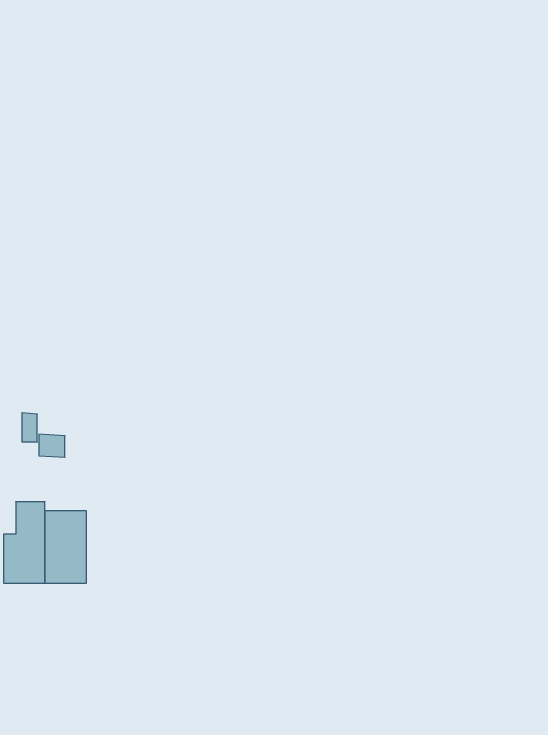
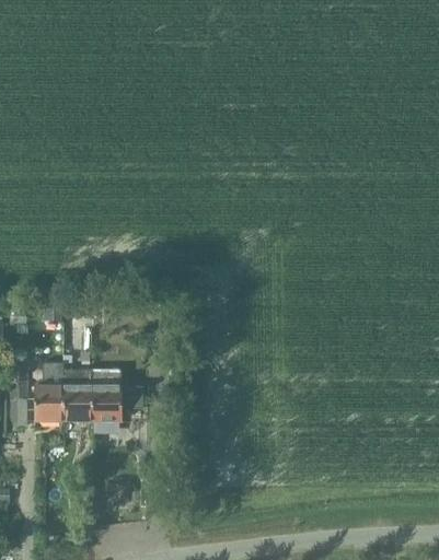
building: none -> [92,370,142,421]

